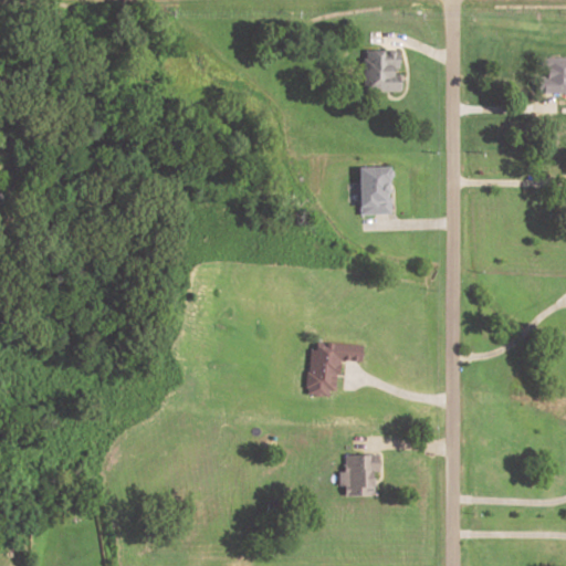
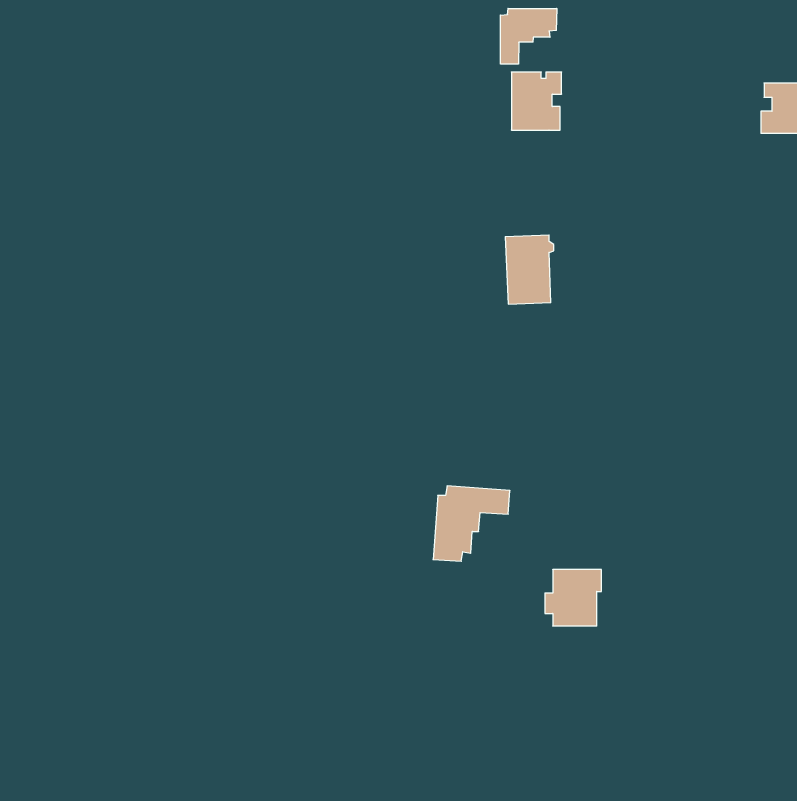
building: none -> [500,8,557,64]
building: [339,453,379,493] -> [545,570,601,626]

